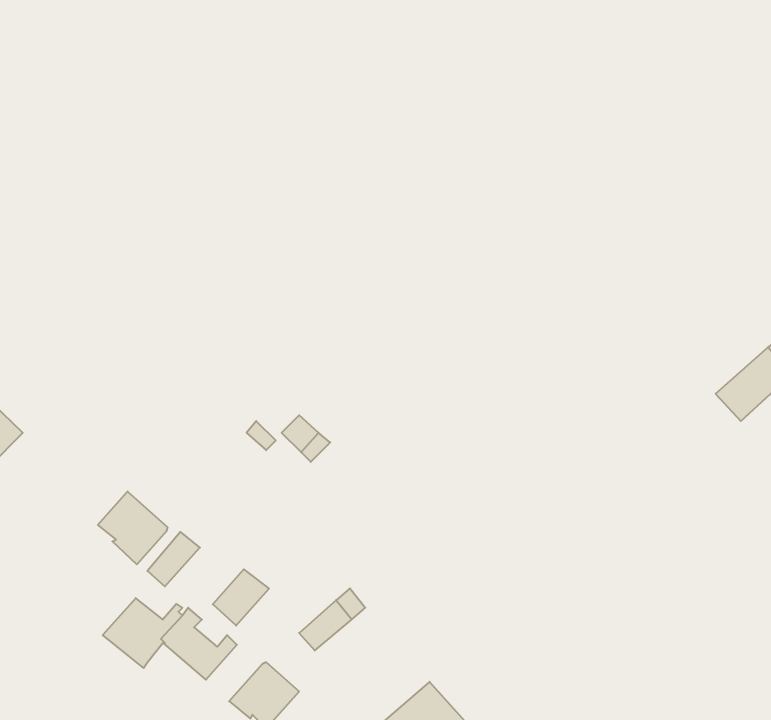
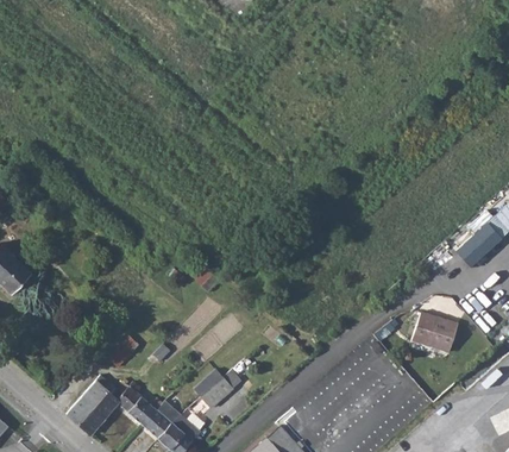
building: [98,491,167,564] -> none
building: none -> [413,312,458,353]
building: [213,569,269,626] -> [144,404,178,439]
building: none -> [67,398,106,435]

